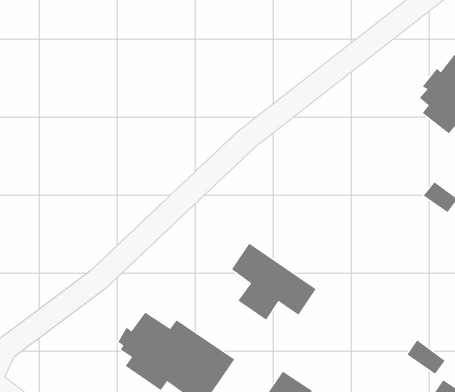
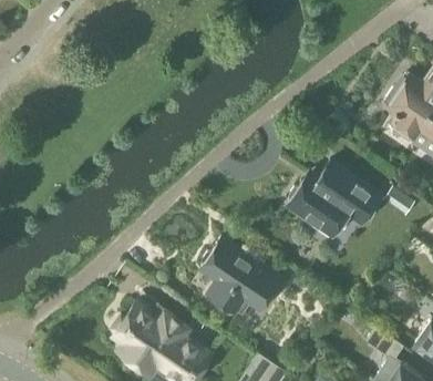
building: none -> [287,163,381,237]

